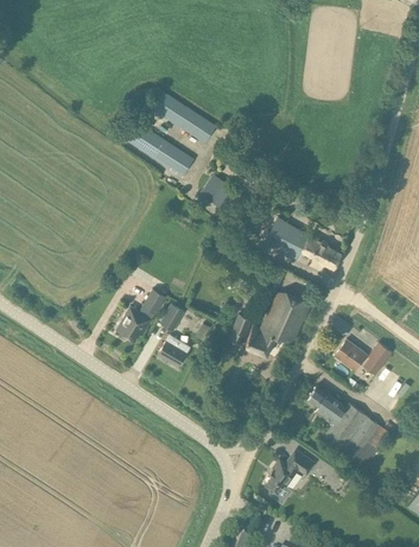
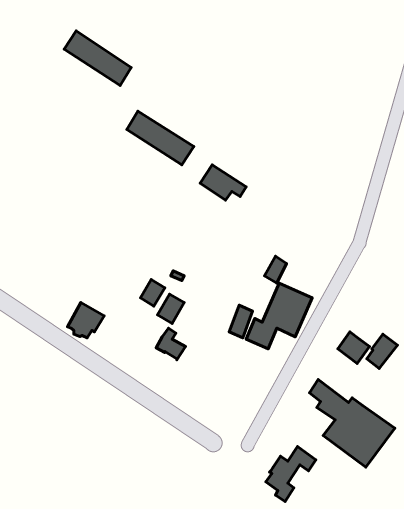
building: [151,90,216,144] -> [64,31,131,86]
building: [265,218,342,268] -> none
building: [116,305,152,339] -> [68,302,104,338]

